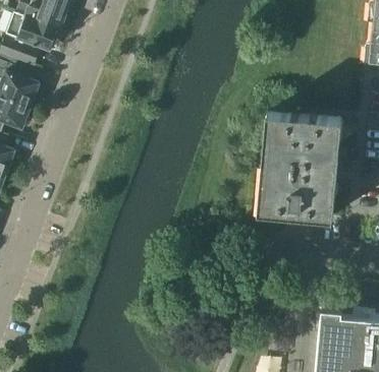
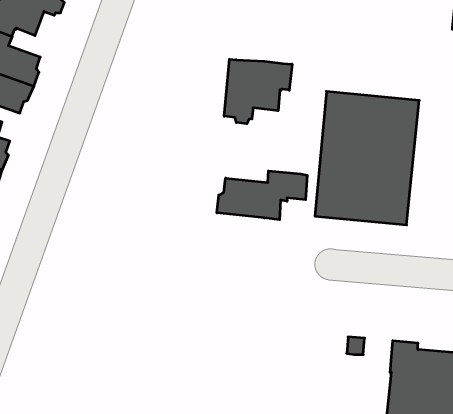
building: none -> [224,59,292,124]
building: none -> [217,171,307,220]

